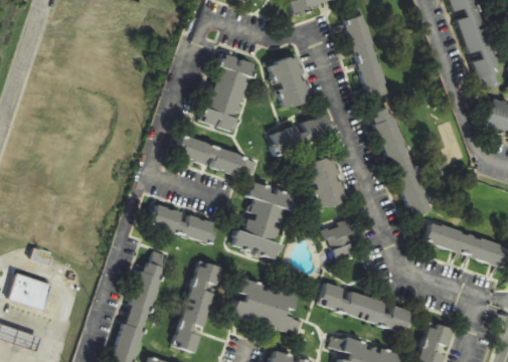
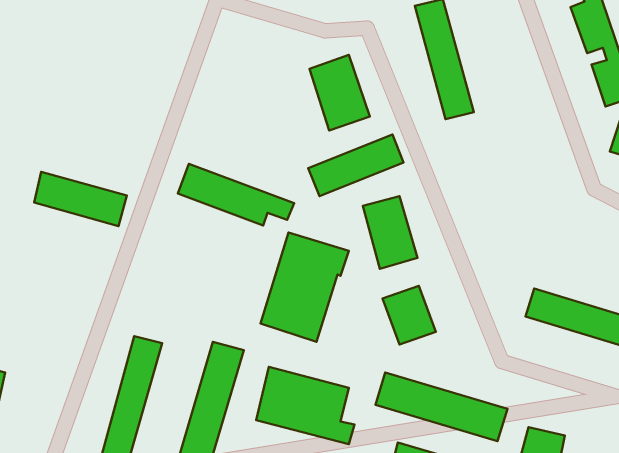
building: [202,53,252,132] -> none
building: [371,107,430,216] -> none
building: [149,204,215,243] -> [34,172,127,226]

